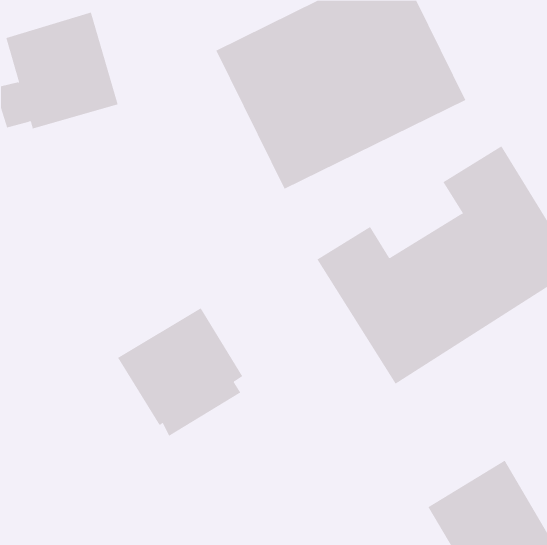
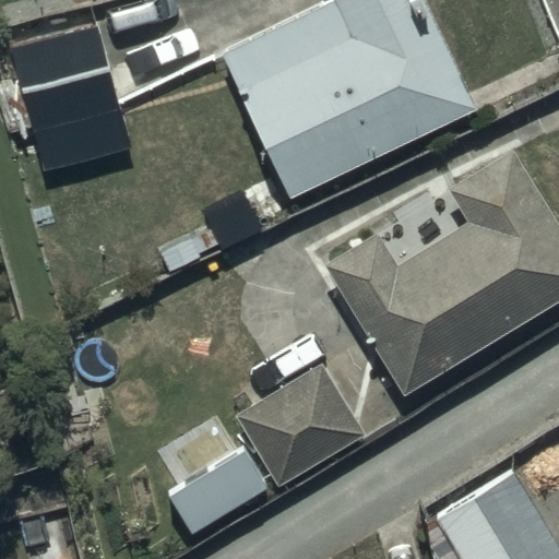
building: [117,307,243,437] -> [238,366,366,497]

